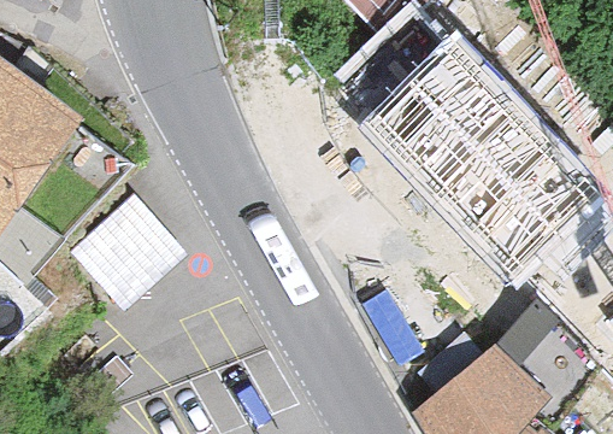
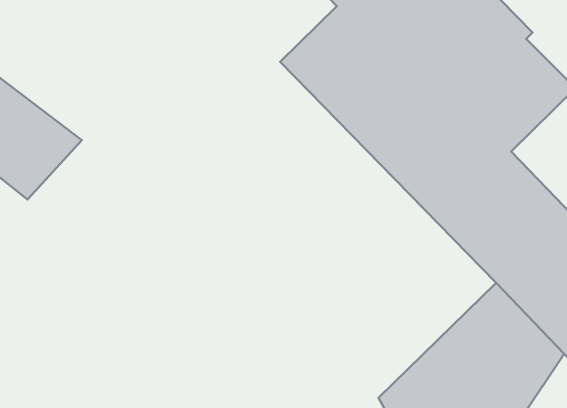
building: [69,197,178,306] -> none

